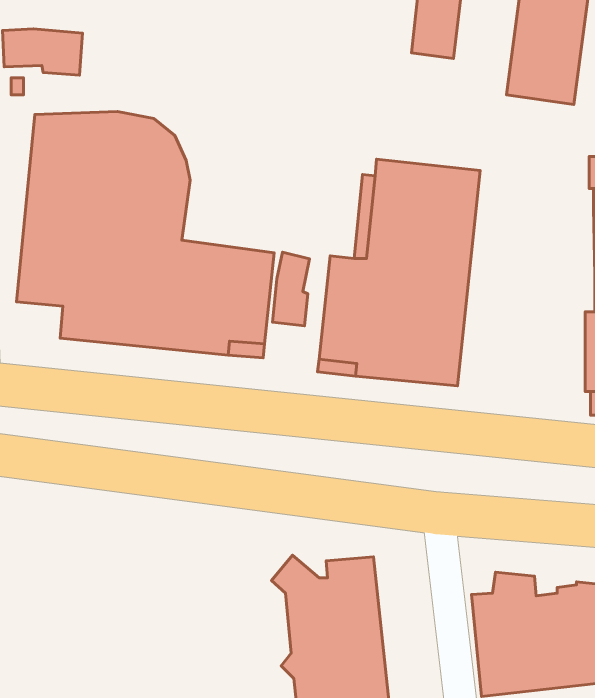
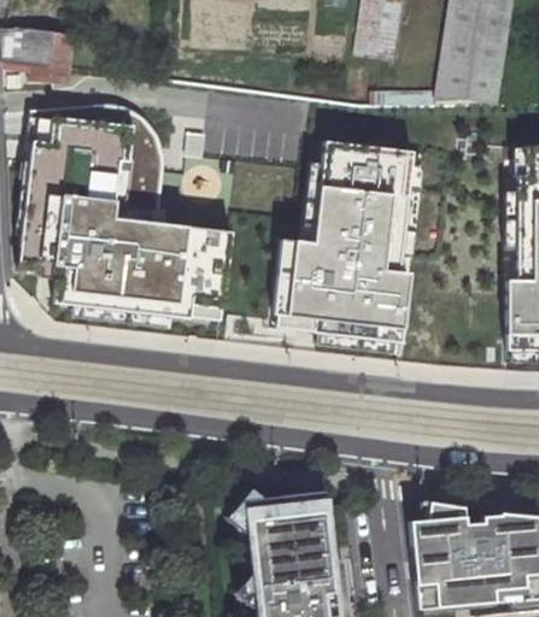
building: [273,252,310,326] -> none

